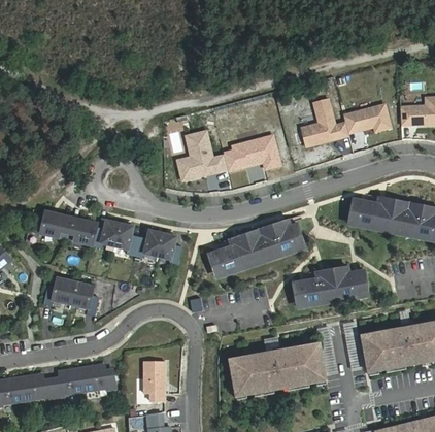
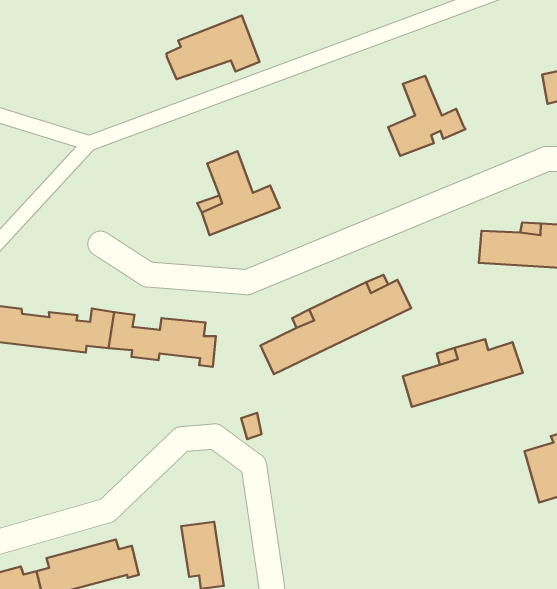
building: [344,106,392,135] -> none
building: [225,137,281,171] -> [166,16,259,79]
building: [42,276,98,314] -> none
building: [229,347,324,397] -> none

